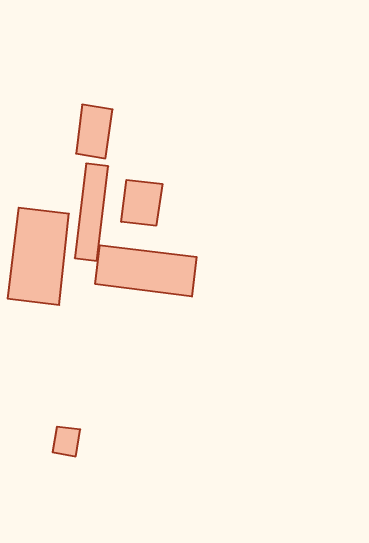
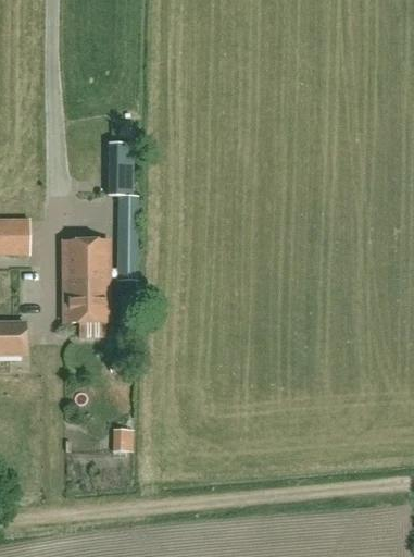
building: [121,180,162,226] -> none
building: [95,245,197,297] -> none

